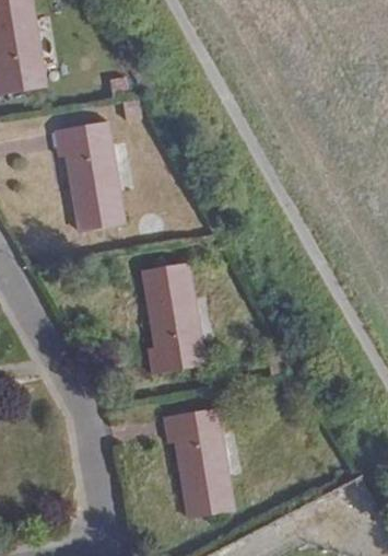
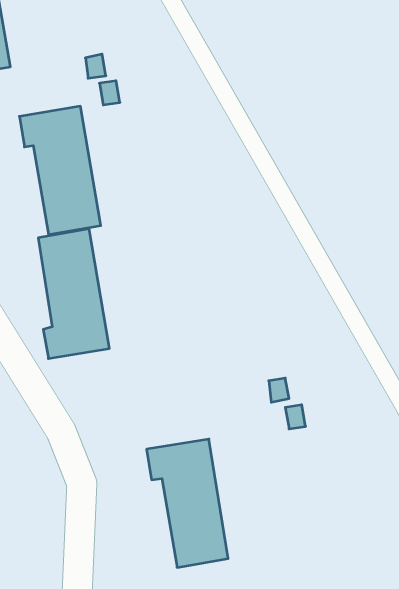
building: [144,262,205,373] -> [38,229,109,359]

